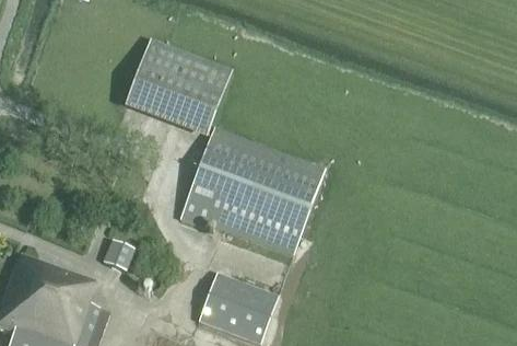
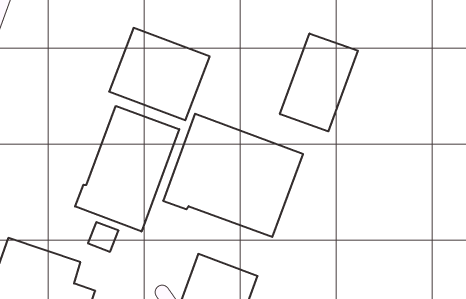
building: none -> [280,33,358,131]
building: none -> [75,106,179,232]

